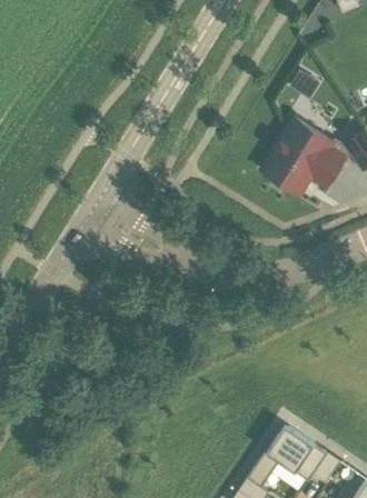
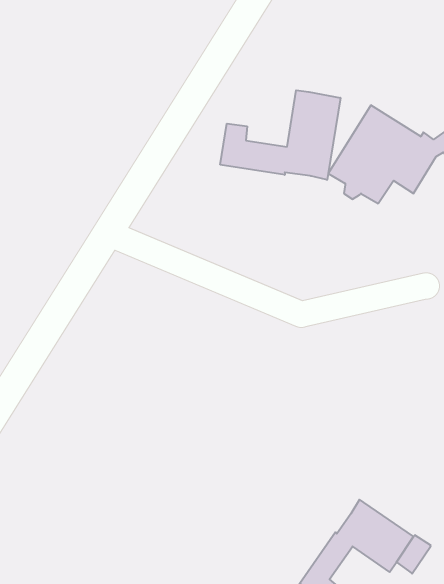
building: none -> [220,90,340,180]

